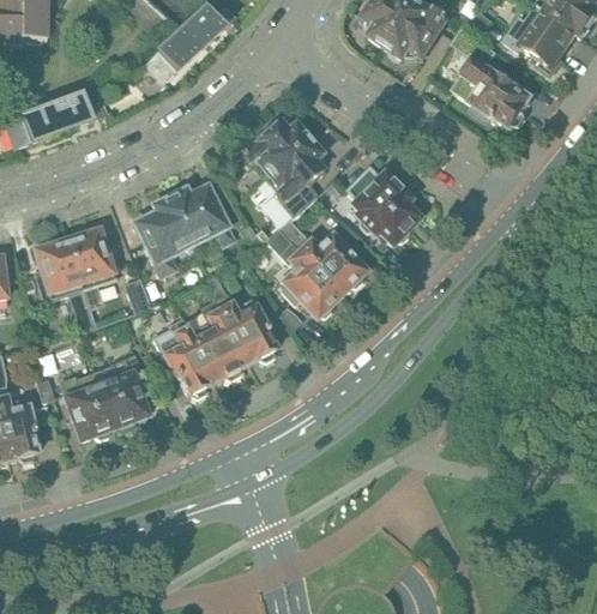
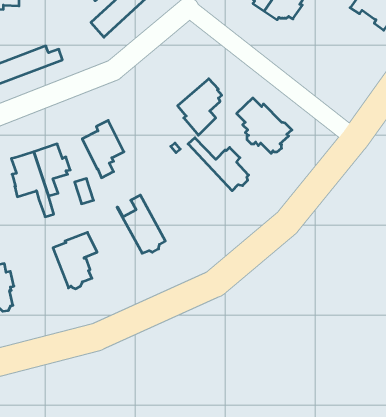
building: [452,40,532,126] -> none
building: [229,118,308,176] -> none
building: [169,183,234,242] -> none
building: [271,228,340,315] -> none
building: [203,273,276,362] -> none
building: [153,315,216,396] -> none
building: [59,372,114,439] -> none

